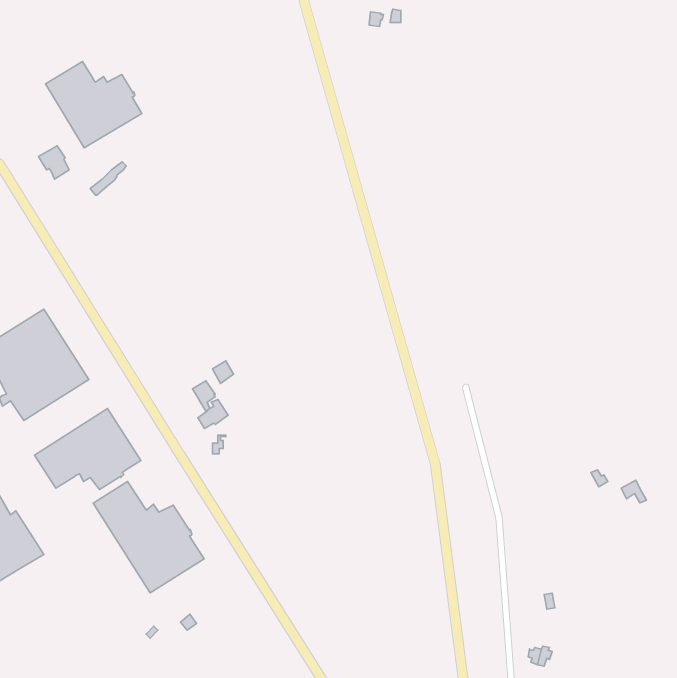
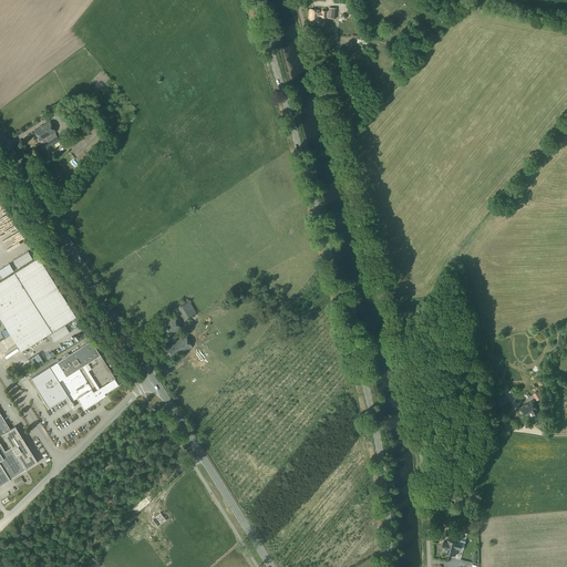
building: [45,62,142,148] -> none
building: [93,481,204,593] -> none

